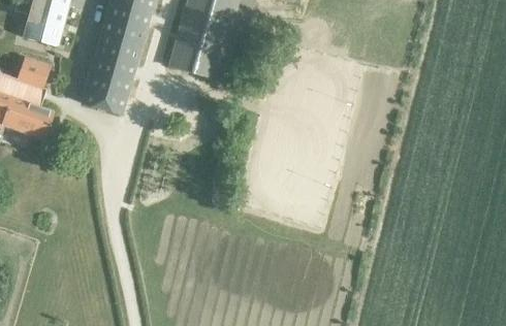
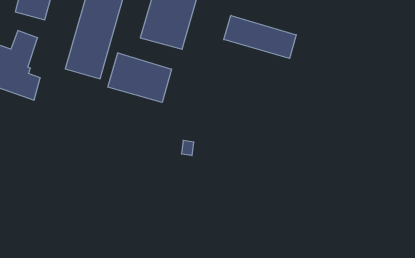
building: none -> [224,15,296,58]
building: none -> [108,53,172,102]

